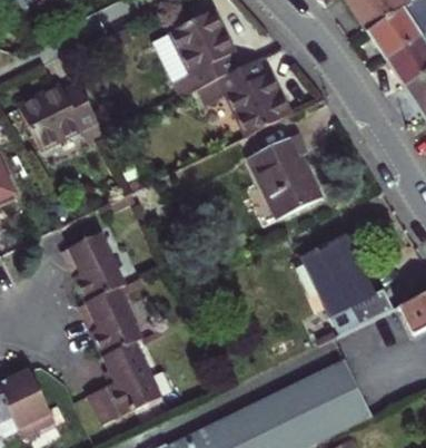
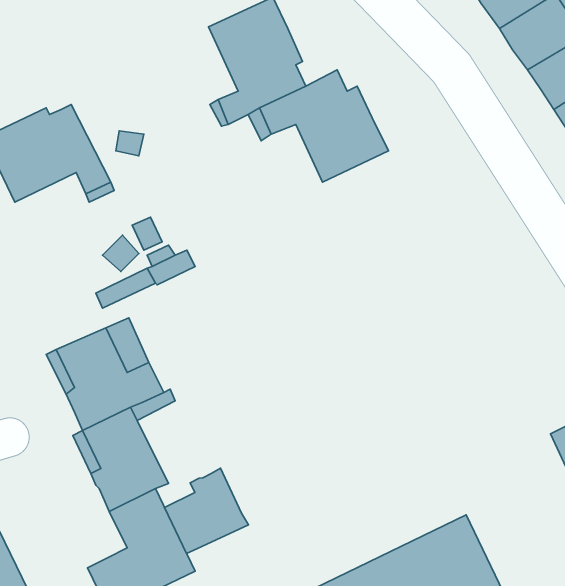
building: [248,134,320,216] -> none
building: [300,235,394,333] -> none
building: none -> [165,468,248,553]

